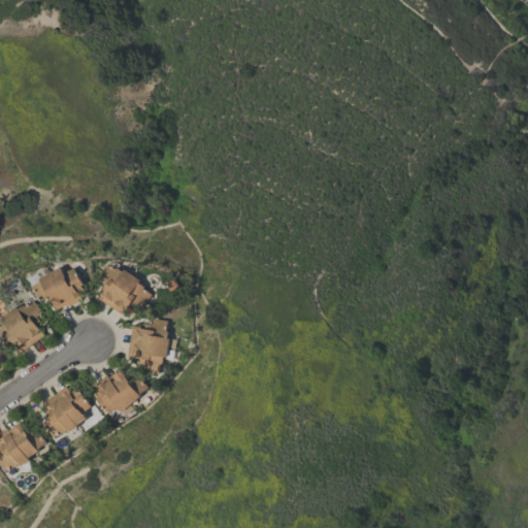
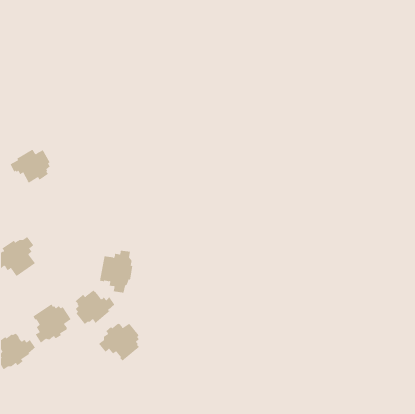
building: [98,264,152,315] -> none
building: [33,266,85,310] -> [10,149,51,184]
building: none -> [98,323,140,361]

